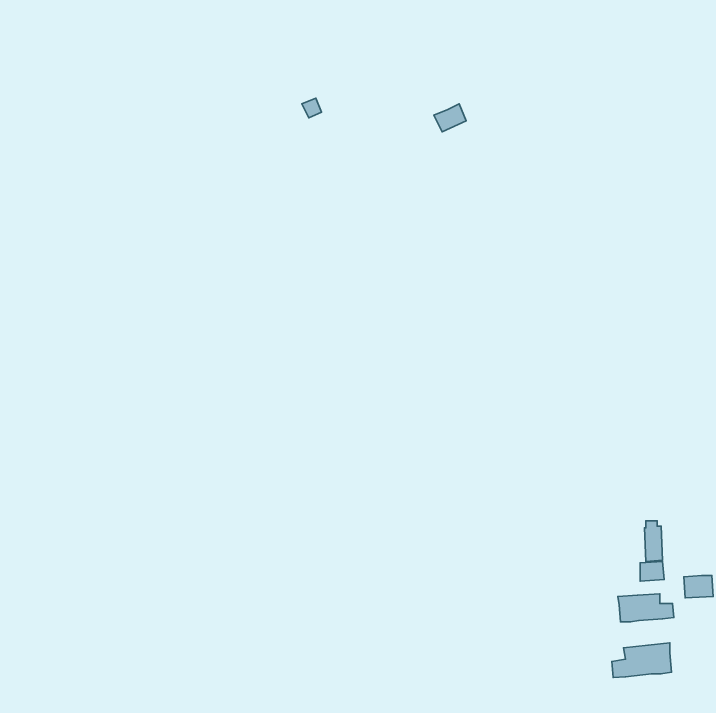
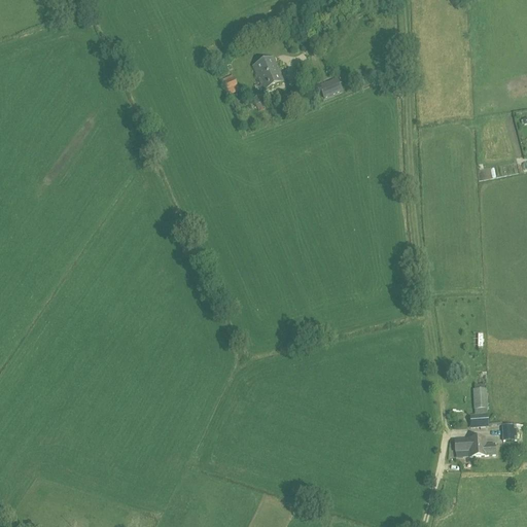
building: none -> [251,55,283,89]
building: [612,643,672,678] -> none

